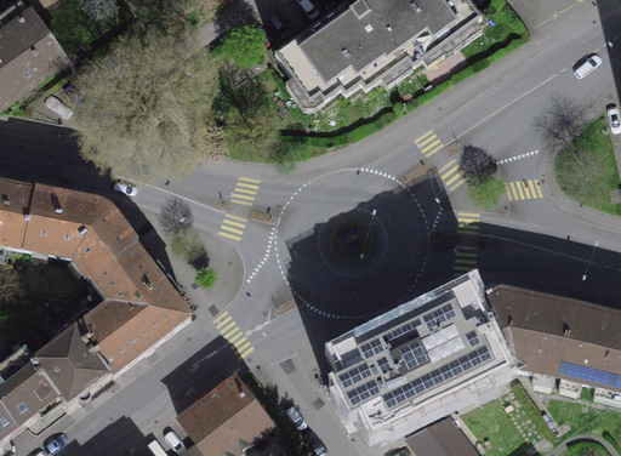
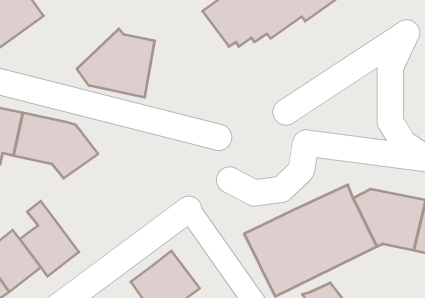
building: none -> [77,29,155,97]
building: [74,244,189,375] -> none

